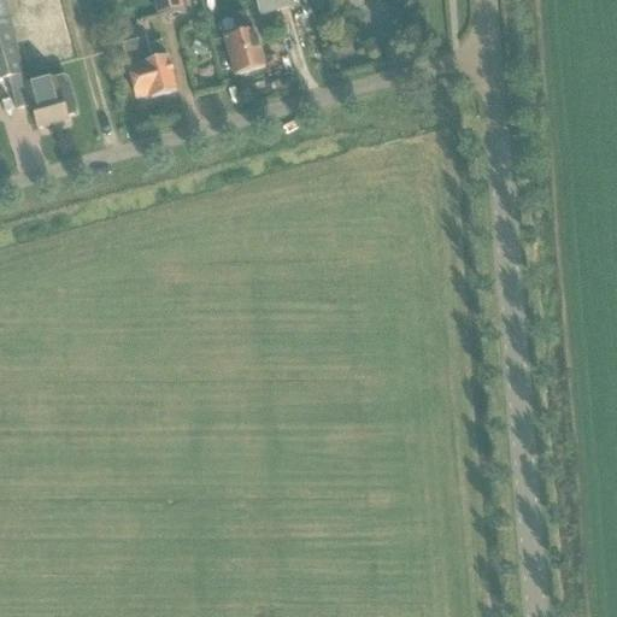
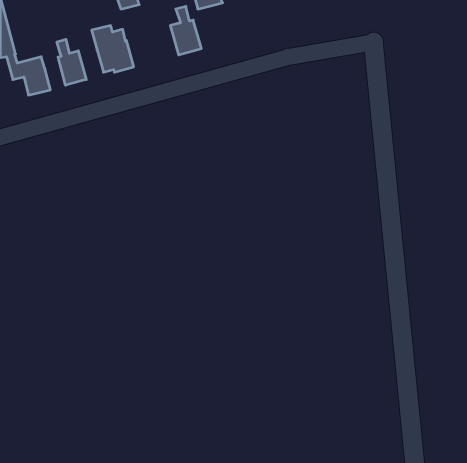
building: none -> [57,39,86,85]

